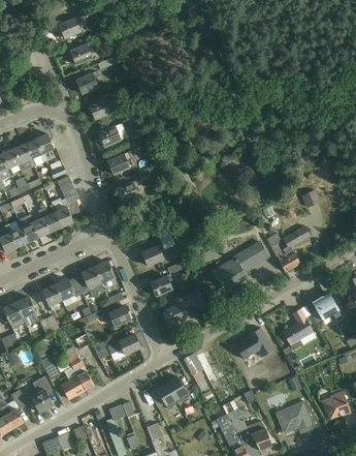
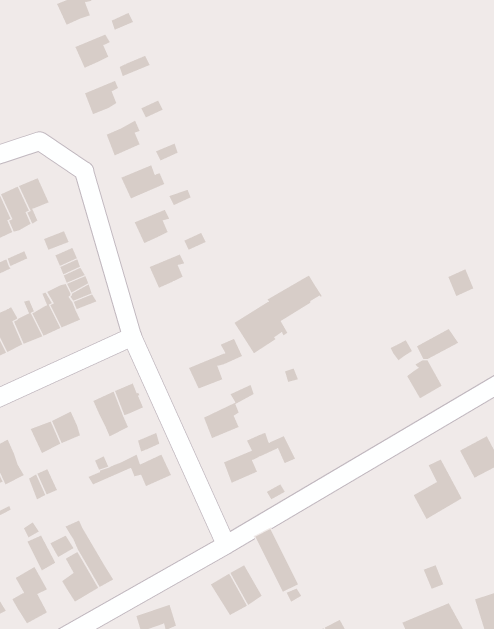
building: [212,242,267,292] -> [234,275,323,354]
building: [93,334,140,360] -> none
building: [236,334,272,366] -> none

